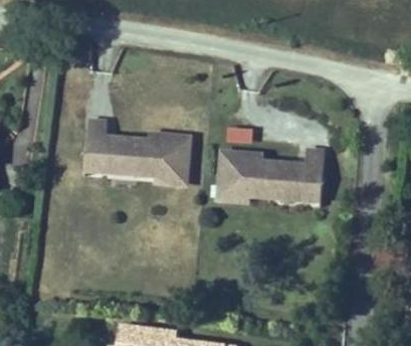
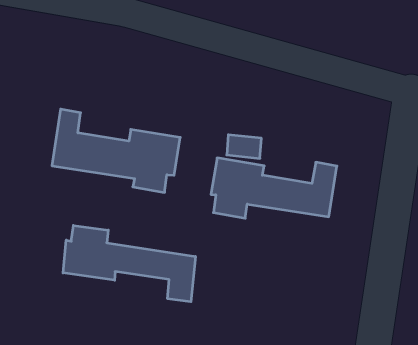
building: none -> [63,225,195,302]

